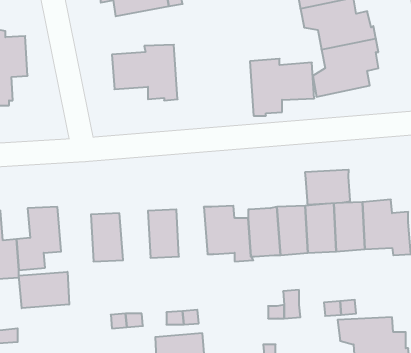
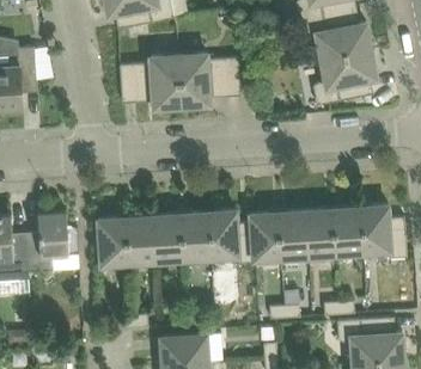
building: [250,59,314,116] -> [178,53,240,107]
building: [305,170,350,205] -> none
building: none -> [181,211,210,259]
building: none -> [126,215,155,263]
building: [19,272,69,308] -> none

